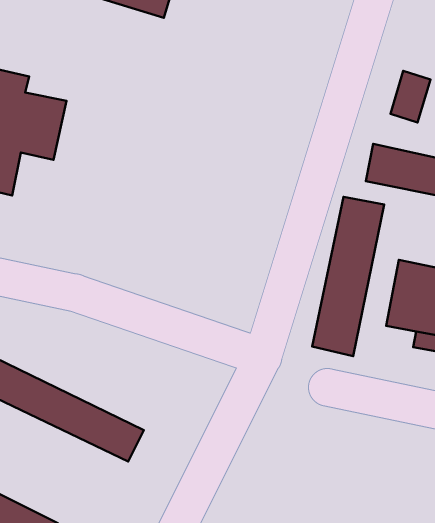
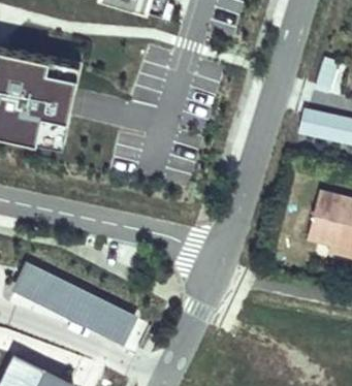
building: [312,197,384,356] -> none

